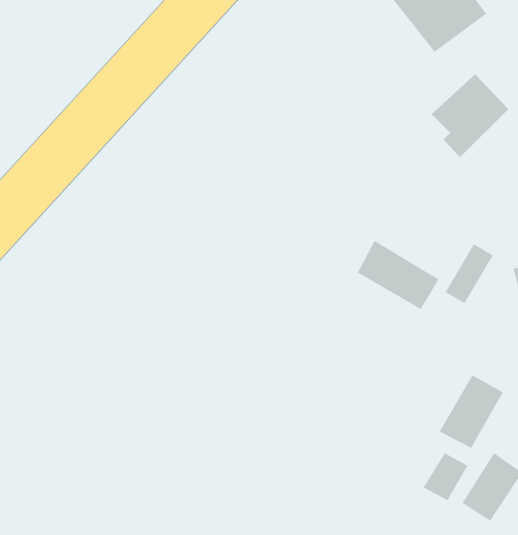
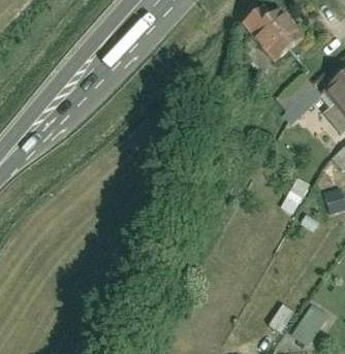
building: [357,240,440,310] -> none
building: [439,374,504,449] -> none

